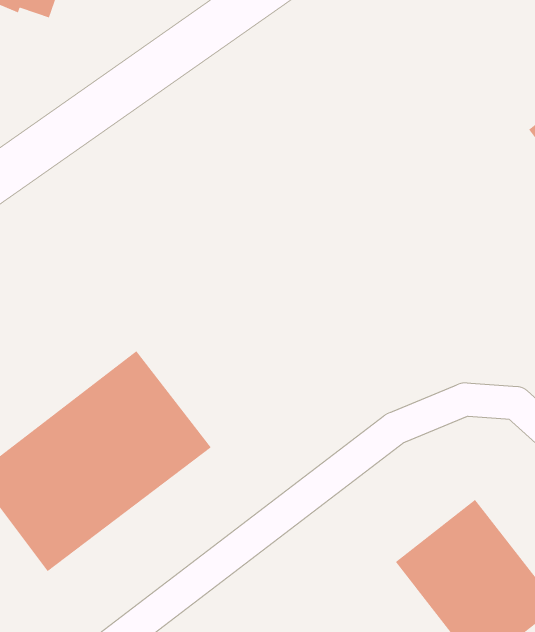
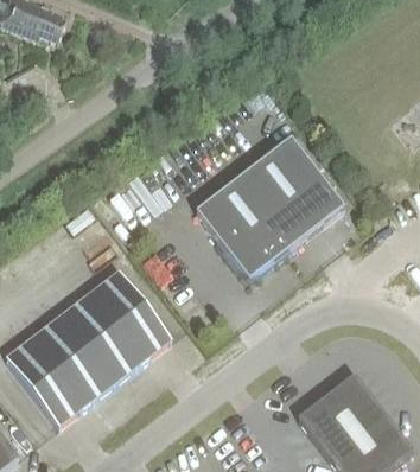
building: none -> [197,139,344,280]

